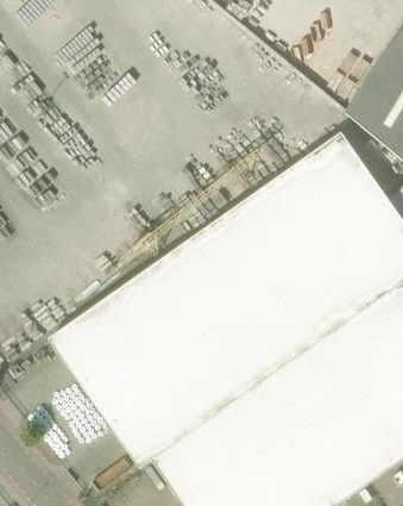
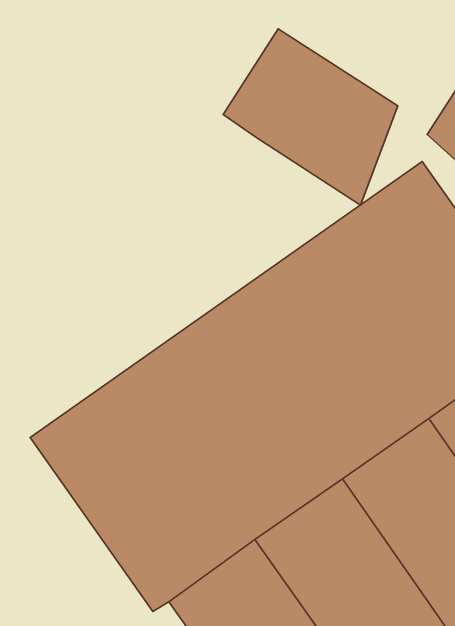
building: none -> [223,29,398,205]

